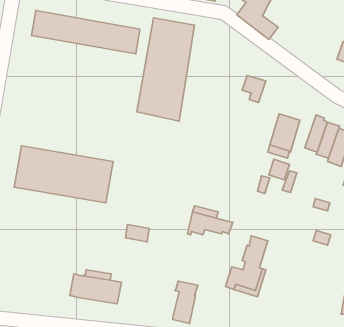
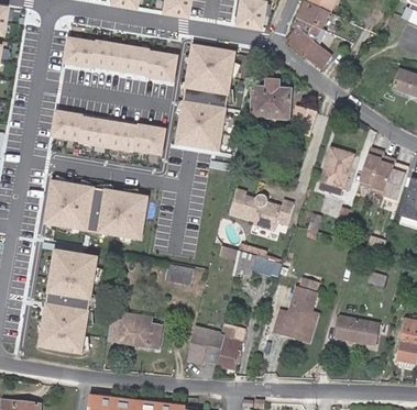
building: none -> [250,78,290,119]
building: none -> [54,110,169,156]
building: none -> [229,189,293,229]
building: none -> [42,251,101,355]
building: none -> [334,315,377,343]
building: none -> [186,326,223,364]

